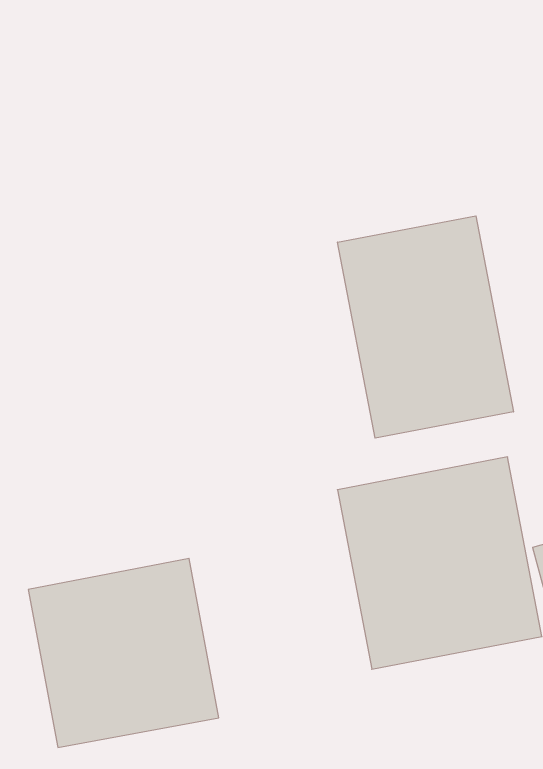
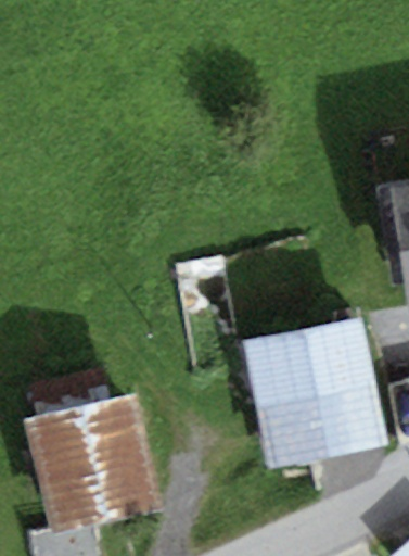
building: [338,216,513,438] -> none

